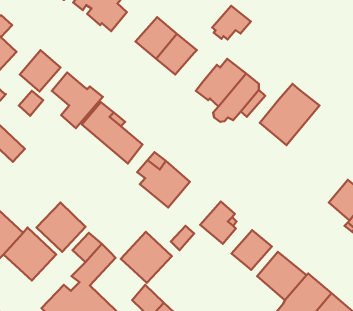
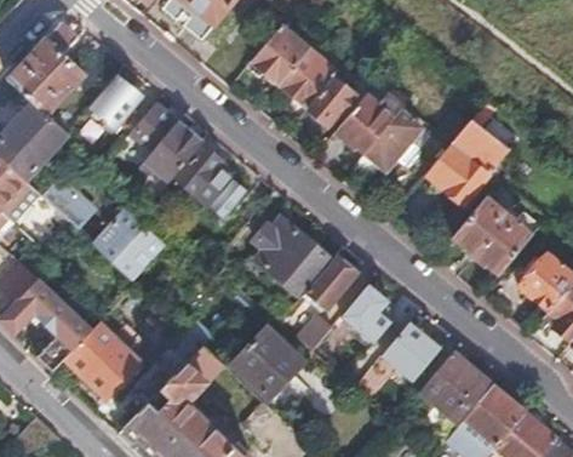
building: [212,6,251,40] -> [305,75,360,122]
building: none -> [452,195,532,274]
building: none -> [303,258,355,312]
building: [36,203,86,252] -> [93,207,162,276]

